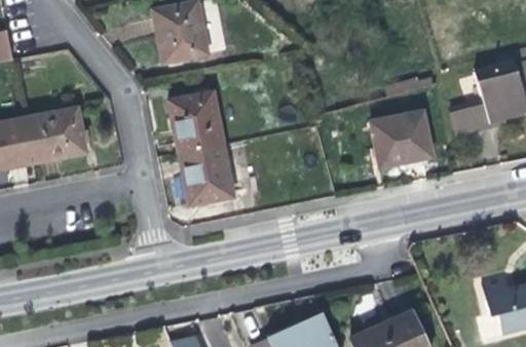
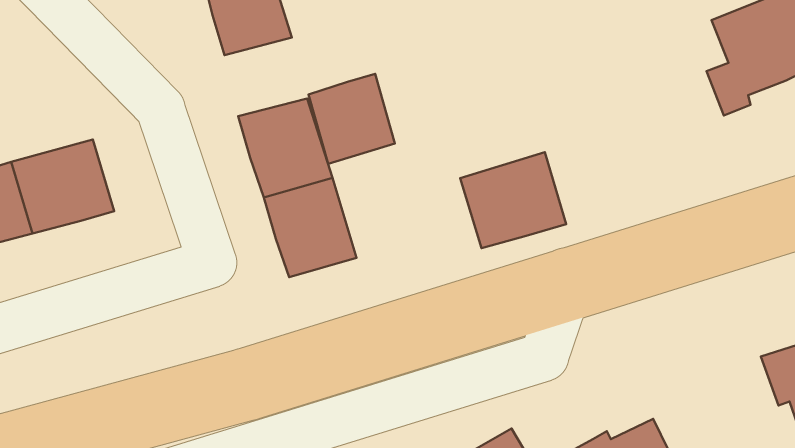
building: none -> [309,74,395,164]
building: [370,113,434,169] -> [460,152,566,248]

